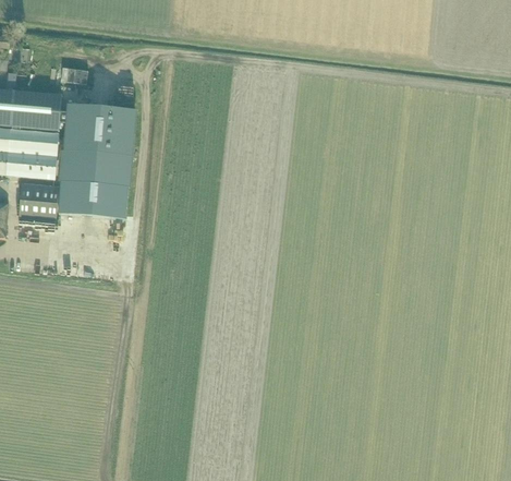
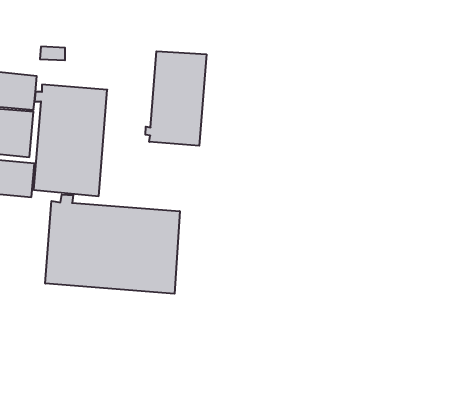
building: none -> [145,51,206,146]
building: none -> [45,195,180,294]

